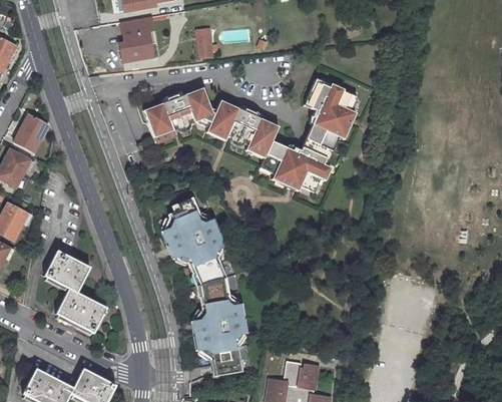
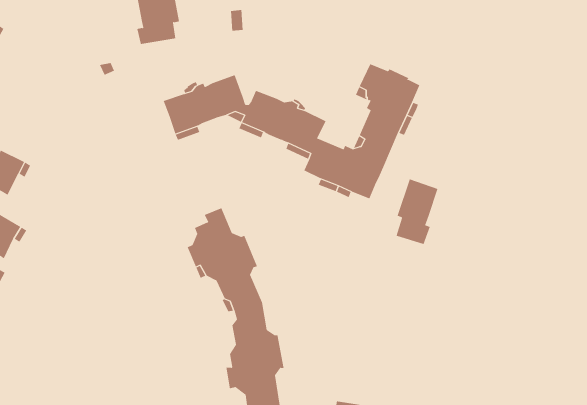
building: [12,115,46,152] -> none
building: none -> [396,179,438,245]
building: [42,252,104,335] -> none

